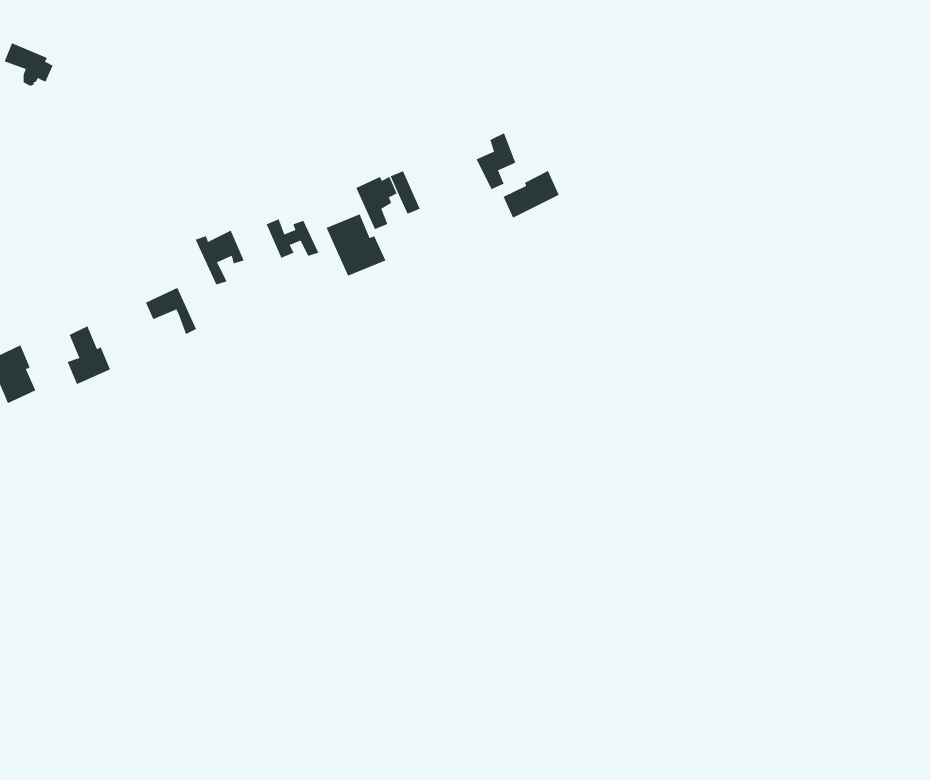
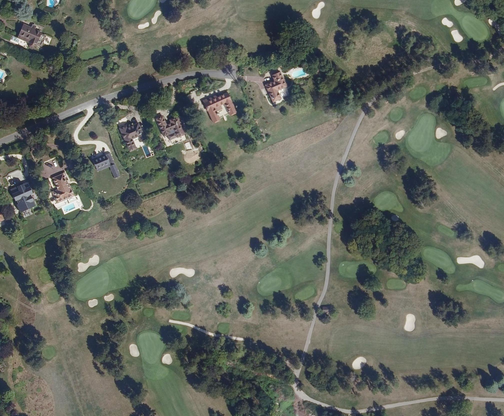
building: [503,170,560,219] -> none
building: [326,214,386,276] -> none

